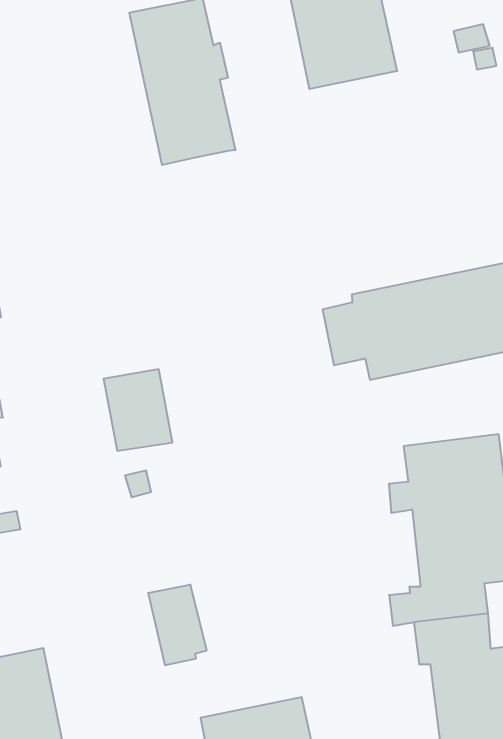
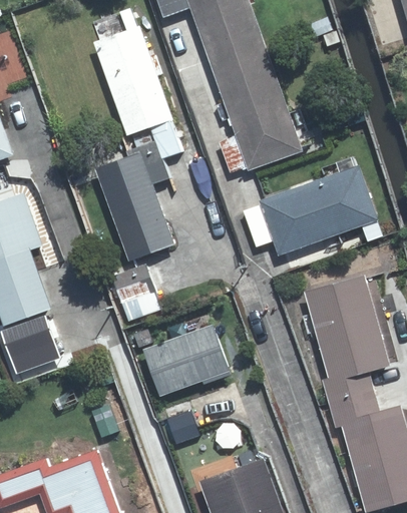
building: none -> [215,55,303,172]
building: none -> [96,120,181,262]
building: none -> [144,325,245,396]

